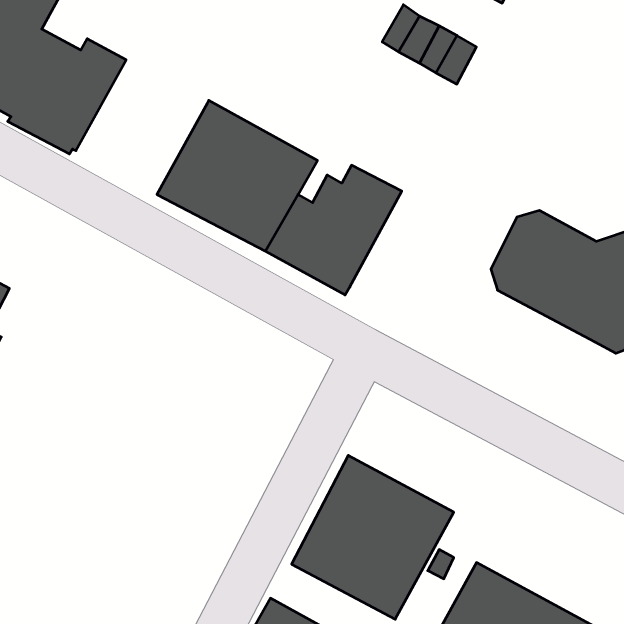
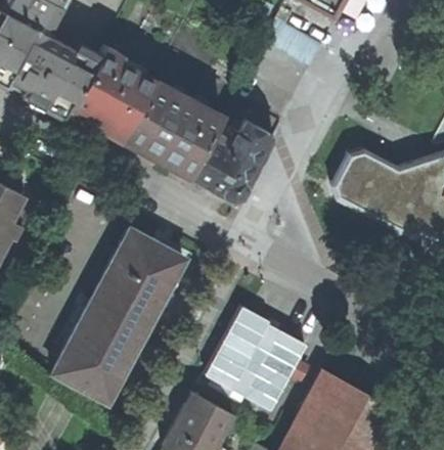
building: none -> [71,46,153,139]
building: none -> [52,229,185,403]

